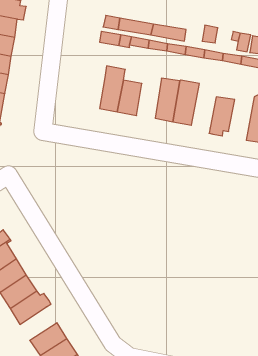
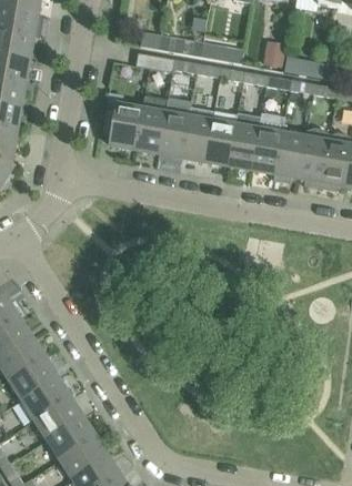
building: none -> [100,105,141,149]
building: none -> [181,108,212,161]
building: none -> [250,112,283,173]
building: none -> [296,128,329,189]
building: none -> [34,397,81,439]

